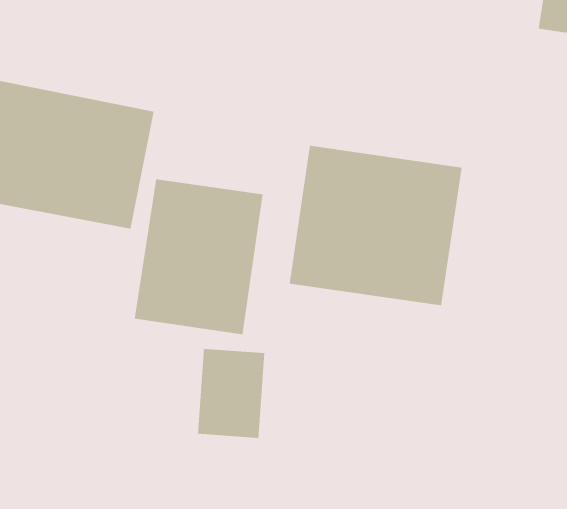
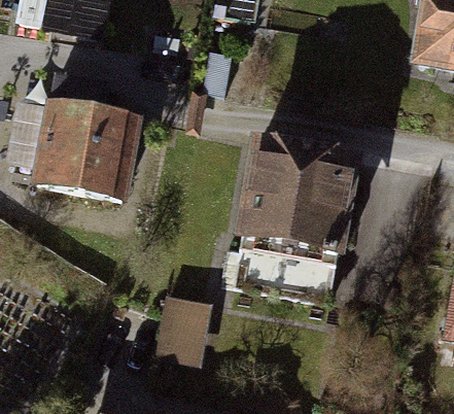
building: [134,178,263,335] -> none

